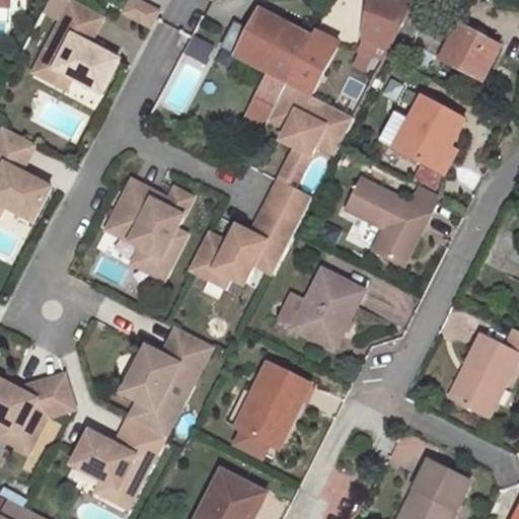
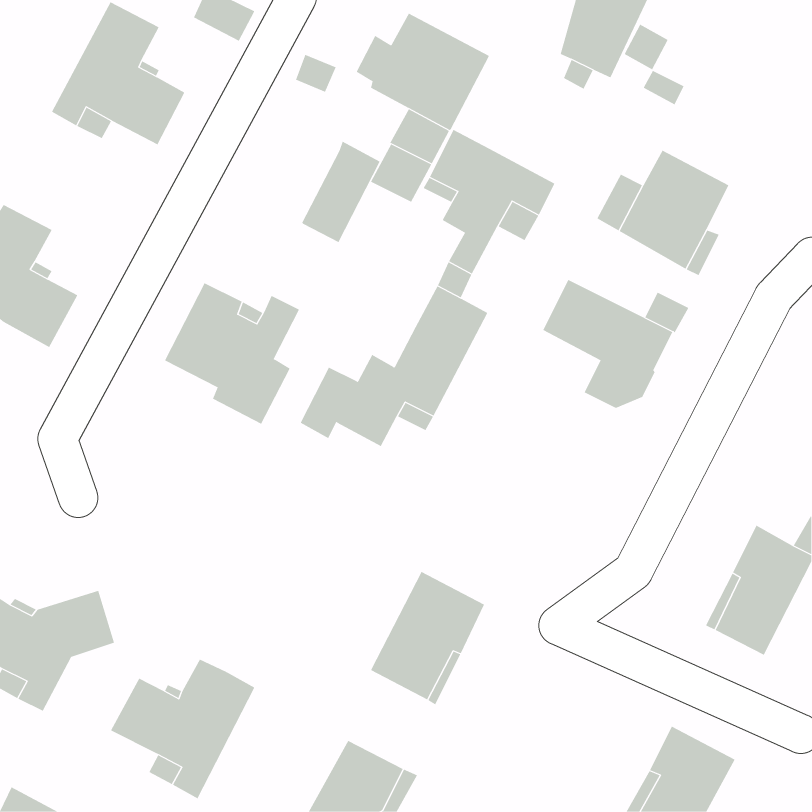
building: [439,23,500,80] -> none
building: [287,29,338,94] -> [301,141,380,243]
building: [293,270,362,348] -> none
building: [121,332,209,437] -> none

